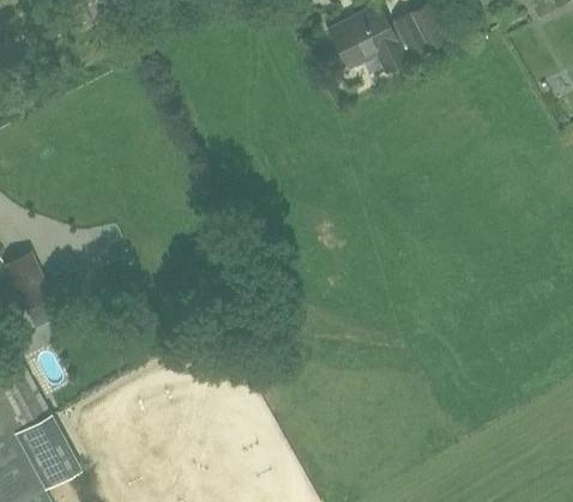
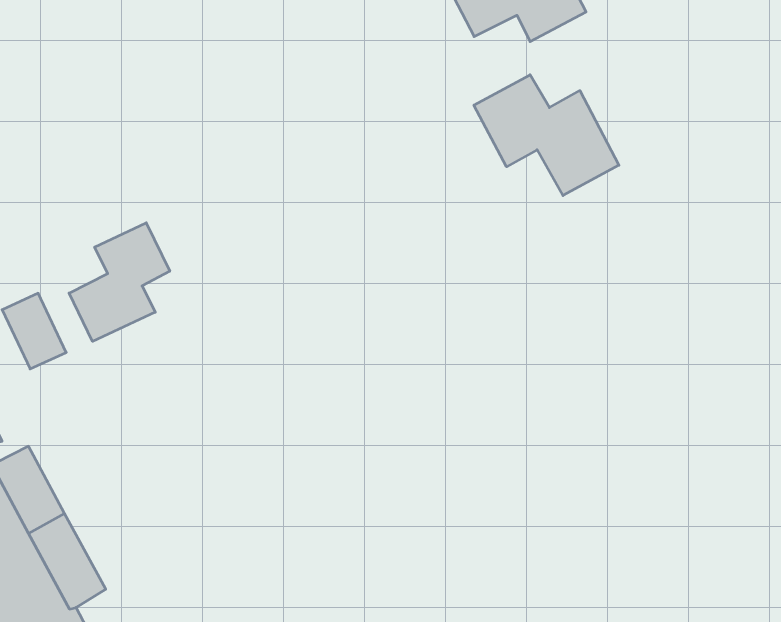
building: none -> [474,75,619,196]
building: none -> [69,223,170,341]

